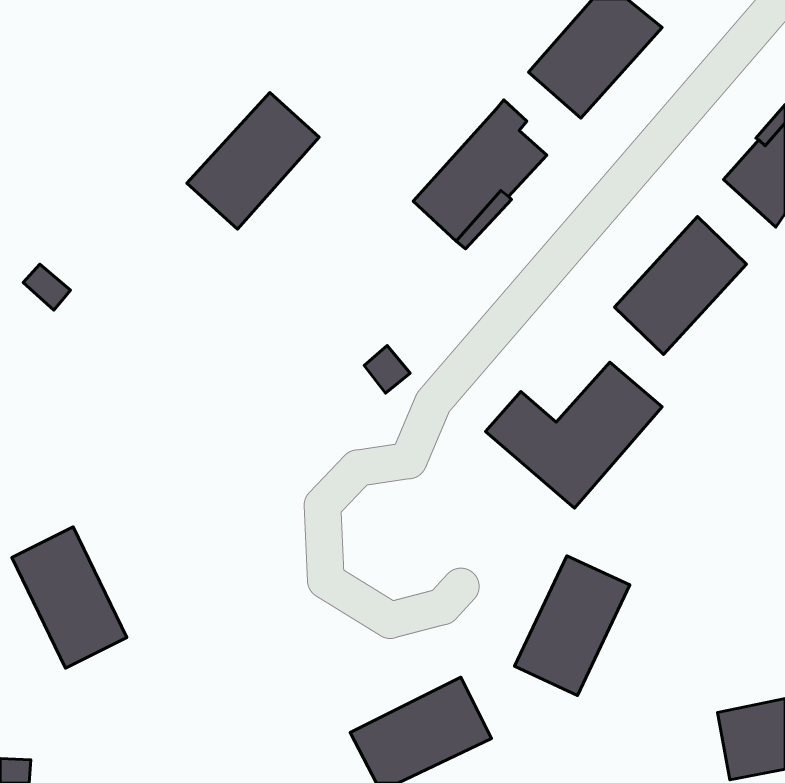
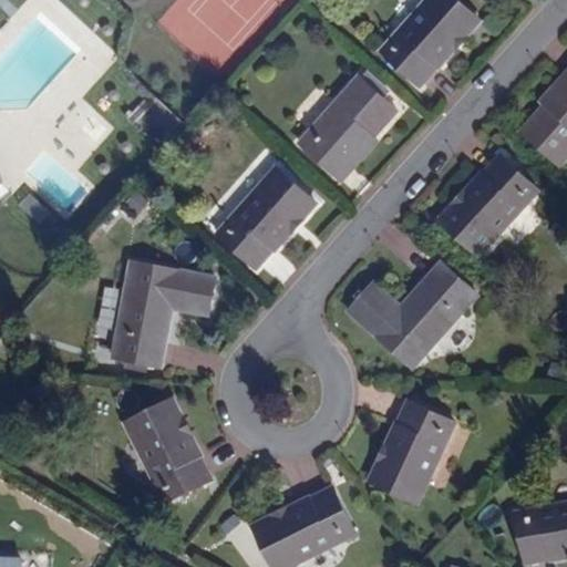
building: [187,93,319,229] -> [216,169,311,268]
building: none -> [112,262,214,365]
building: [12,527,127,668] -> [125,400,208,502]

